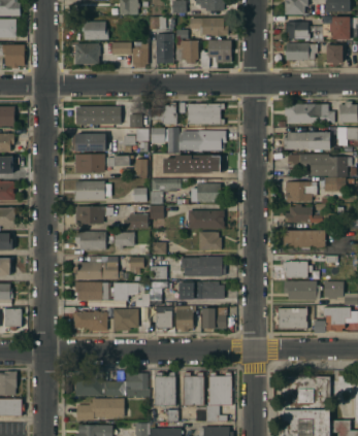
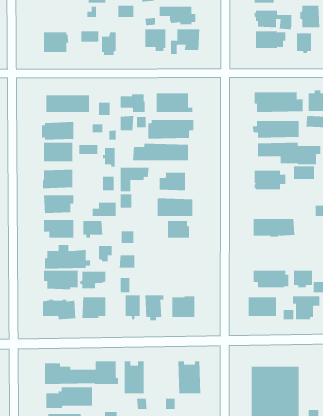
building: [84,22,107,39] -> none
building: [155,33,174,63] -> none
building: [285,204,322,223] -> none
building: [181,257,225,276] -> none
building: [283,261,313,277] -> none
building: [178,281,223,299] -> none
building: [183,372,203,405] -> none

